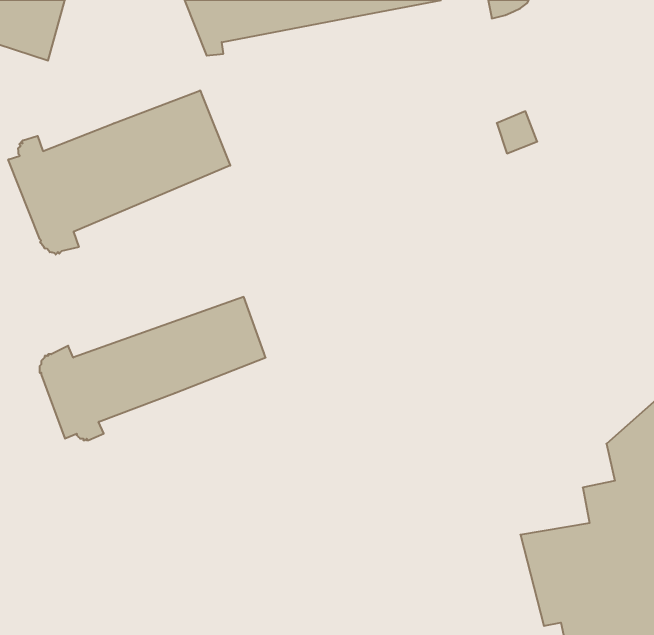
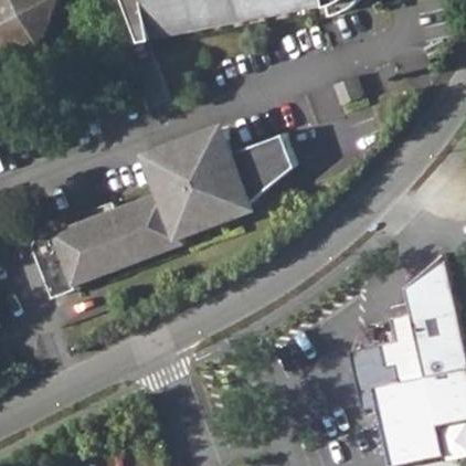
building: [8,90,230,255] -> none
building: none -> [152,131,297,232]

